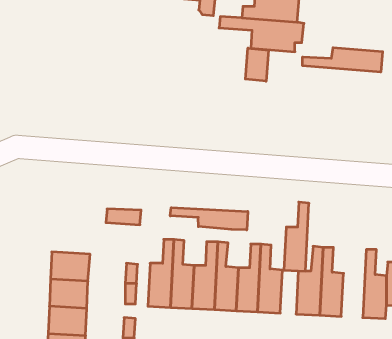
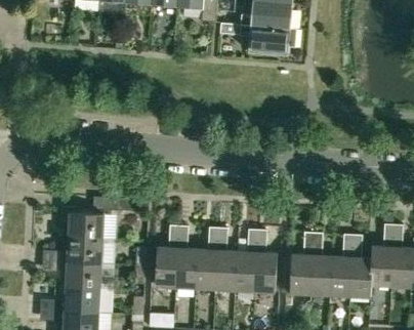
building: [303,48,383,72] -> none
building: [245,48,269,81] -> none
building: [284,202,309,271] -> [330,234,353,296]
building: [170,208,248,230] -> none
building: none -> [60,207,103,239]

